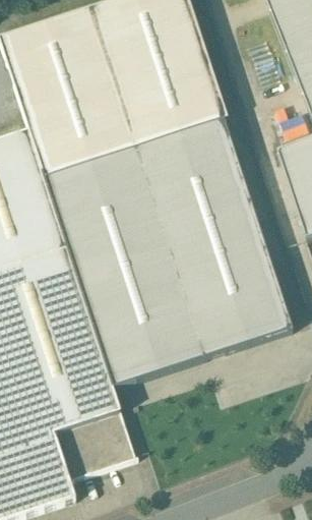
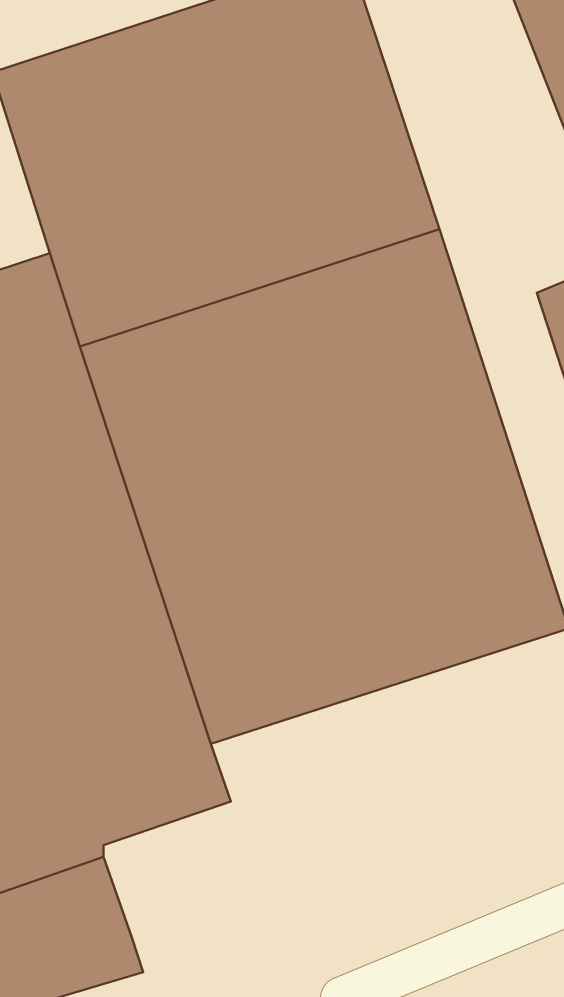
building: [56,411,138,480] -> none

